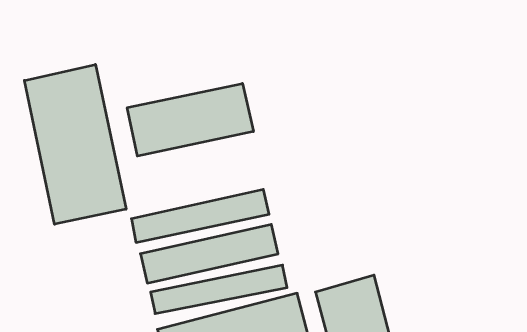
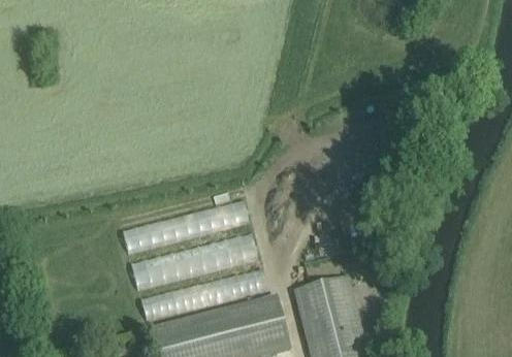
building: [24,64,126,224] -> none
building: [127,83,253,156] -> none

